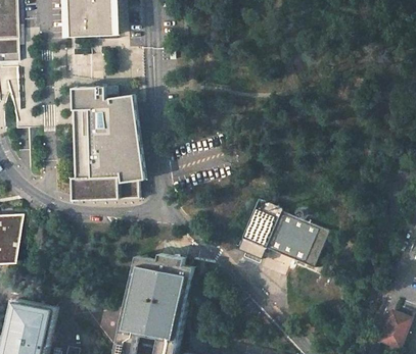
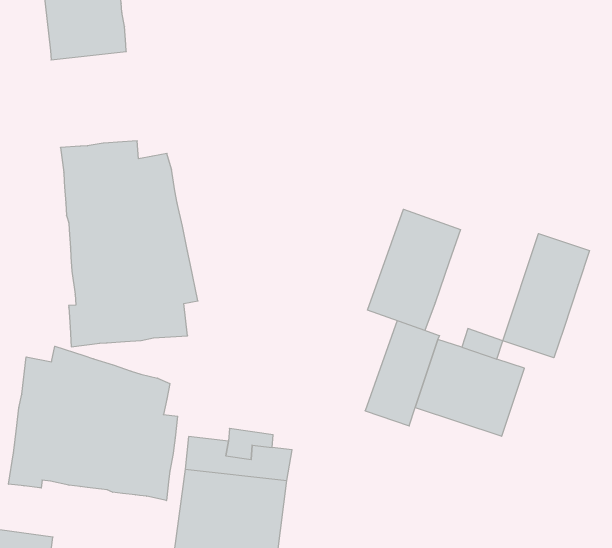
building: none -> [368,209,461,330]
building: none -> [503,234,590,358]
building: none -> [9,346,178,501]

